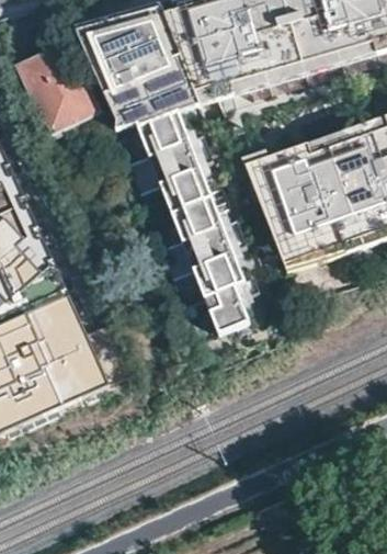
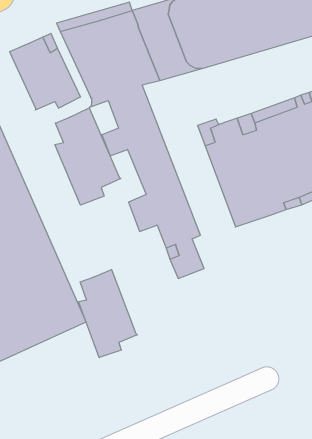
building: none -> [55,108,121,205]
building: none -> [79,270,137,358]

